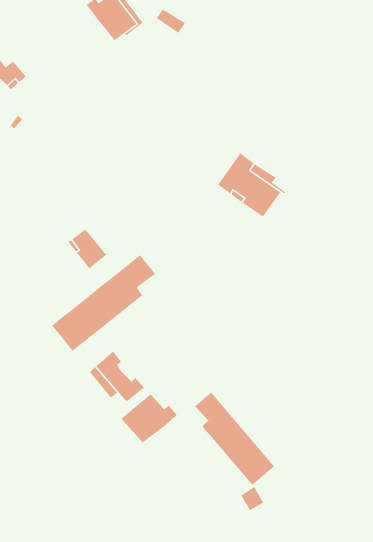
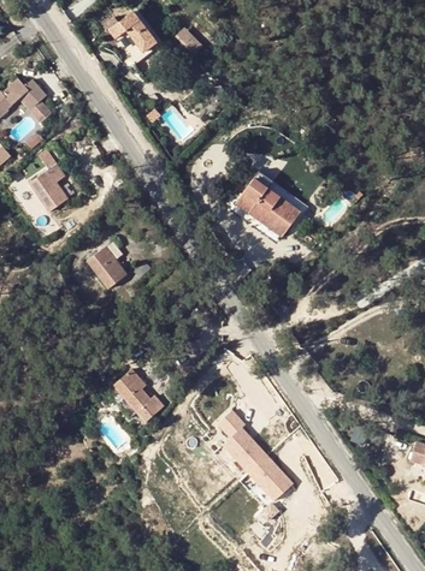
building: none -> [29,165,67,212]
building: [51,254,156,352] -> none
building: [121,394,178,444] -> none

